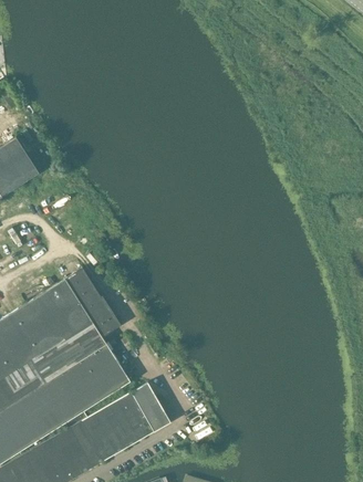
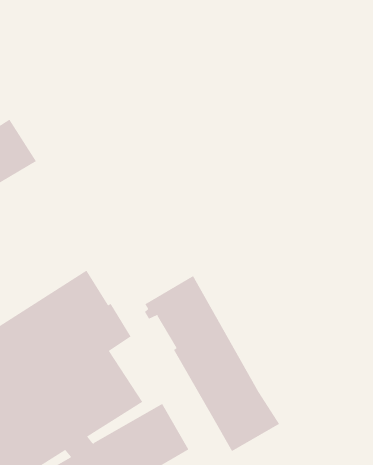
building: none -> [144,275,280,452]

